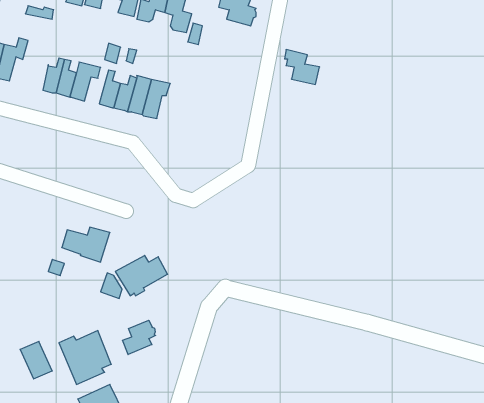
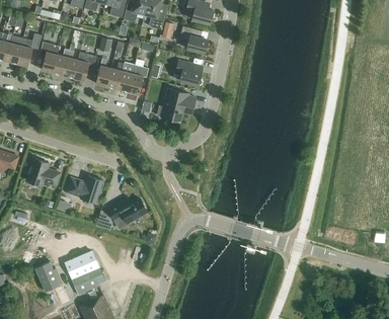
building: none -> [40,41,59,72]
building: [285,50,320,84] -> [181,25,208,52]
building: none -> [175,60,203,84]
building: none -> [160,87,196,121]
building: none -> [26,157,60,184]
building: [123,320,156,355] -> none

